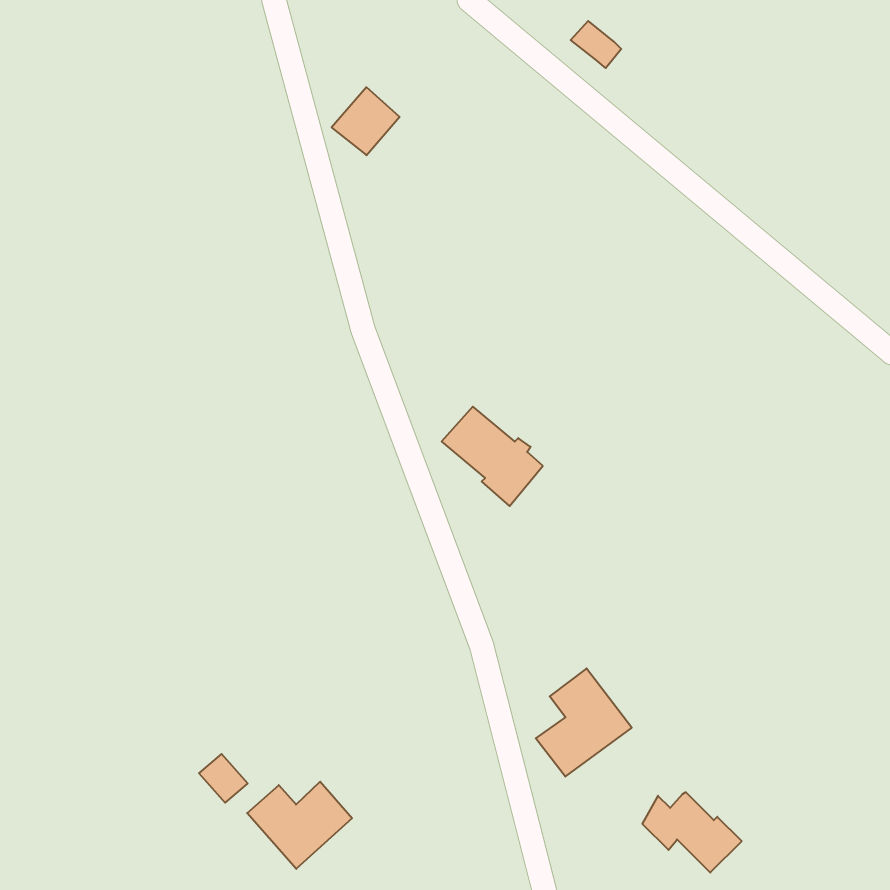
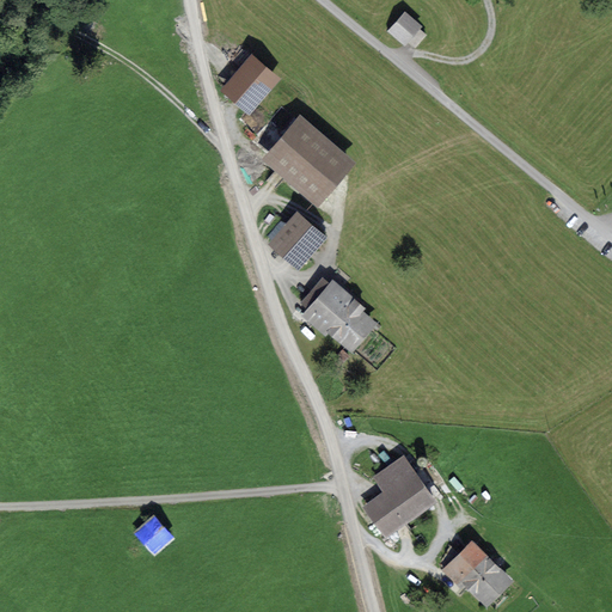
building: none -> [268,123,349,198]
building: none -> [276,218,323,264]
building: [247,782,352,869] -> none

